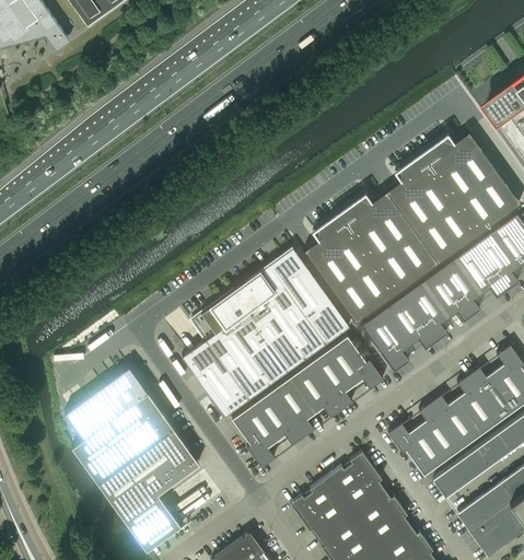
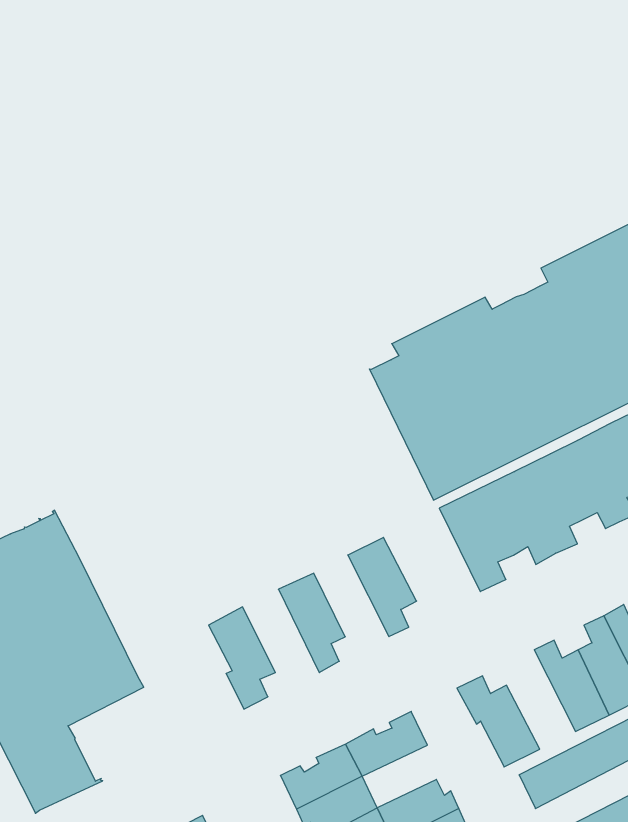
building: [182,248,349,417] -> none
building: [328,336,383,389] -> none
building: [290,364,341,418] -> none
building: [251,392,303,445] -> none
building: [417,402,463,462] -> none
building: [339,470,384,513] -> none

